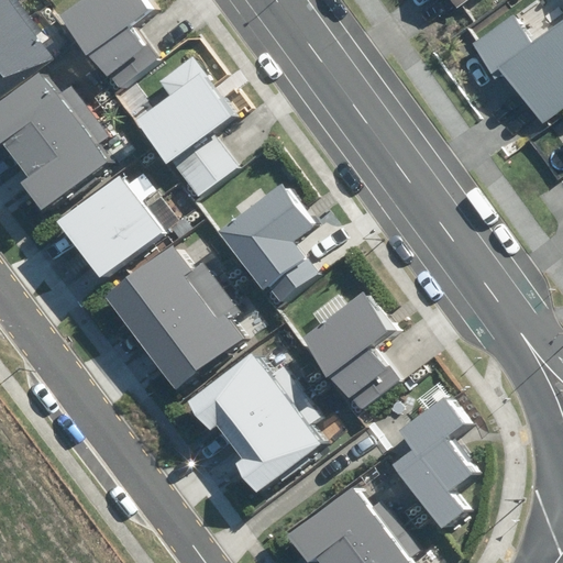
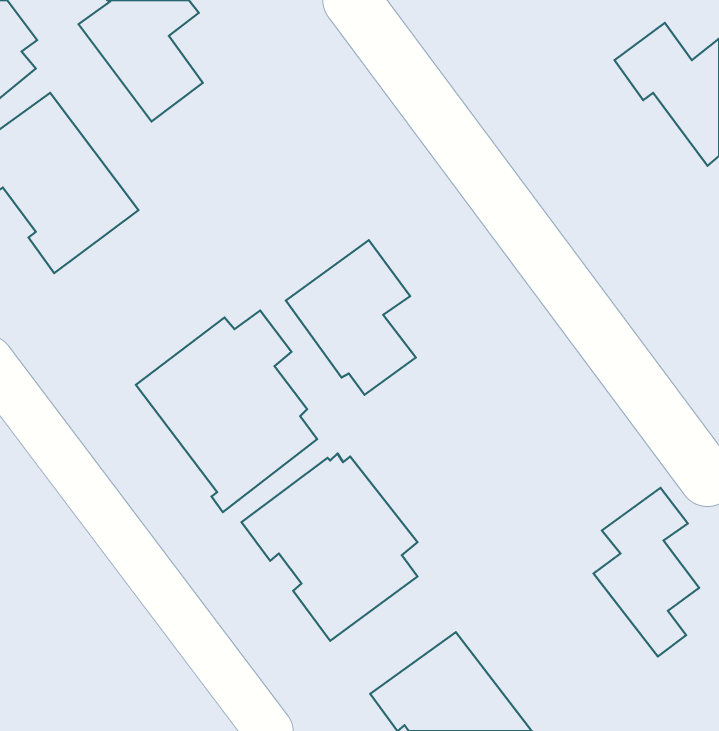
building: [139,58,240,199] -> none
building: [59,176,163,277] -> none
building: [301,292,399,410] -> none
building: [393,398,474,528] -> [593,488,699,657]

